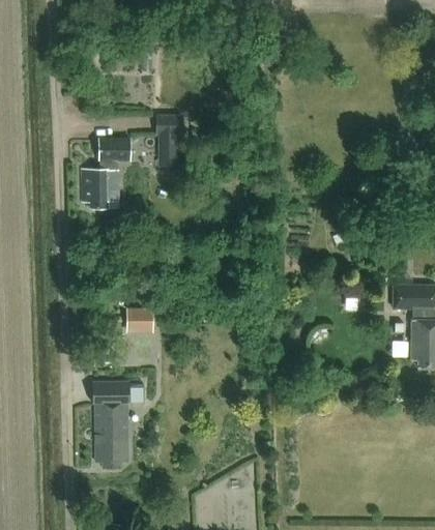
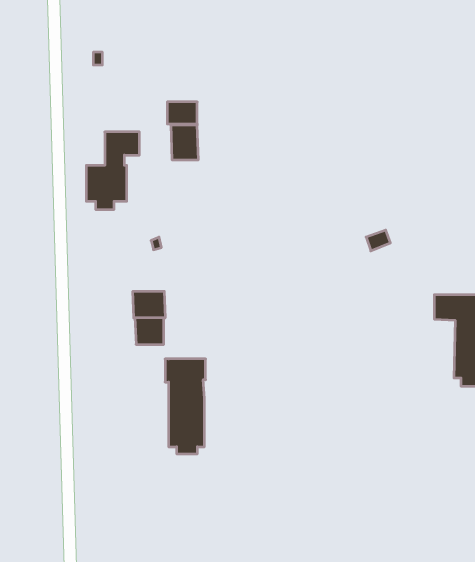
building: none -> [133,291,165,318]
building: [92,383,128,468] -> [165,359,206,454]

